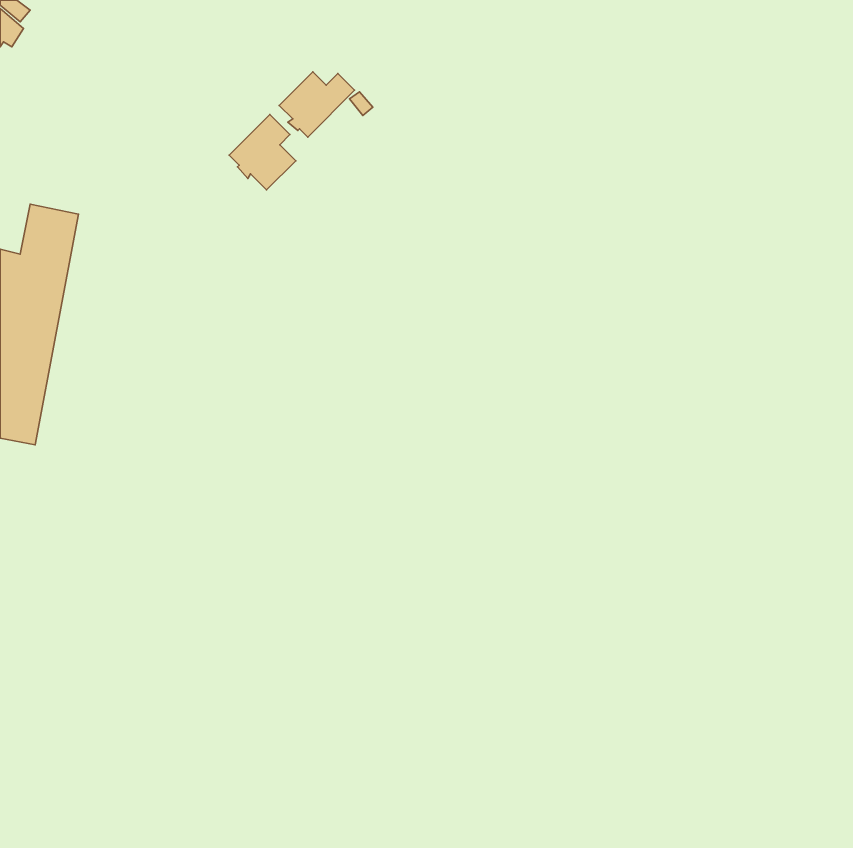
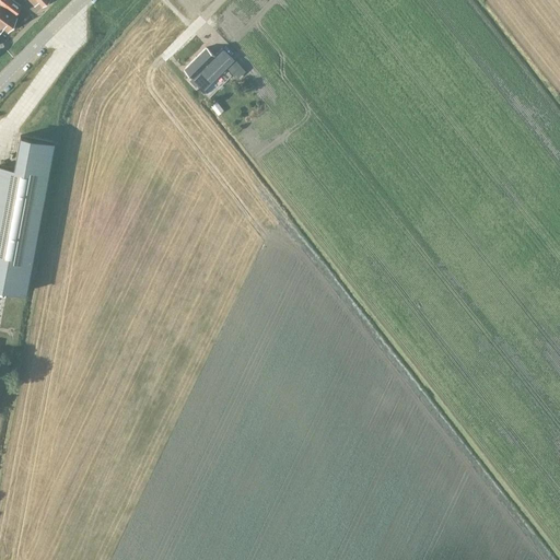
building: [229,115,296,190] -> none

